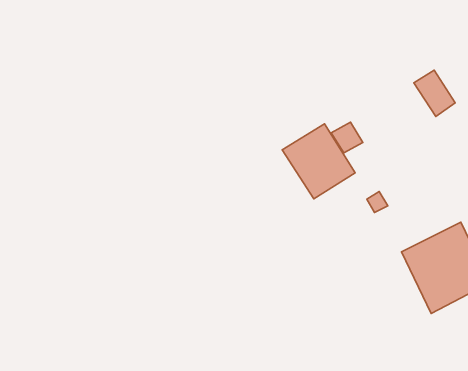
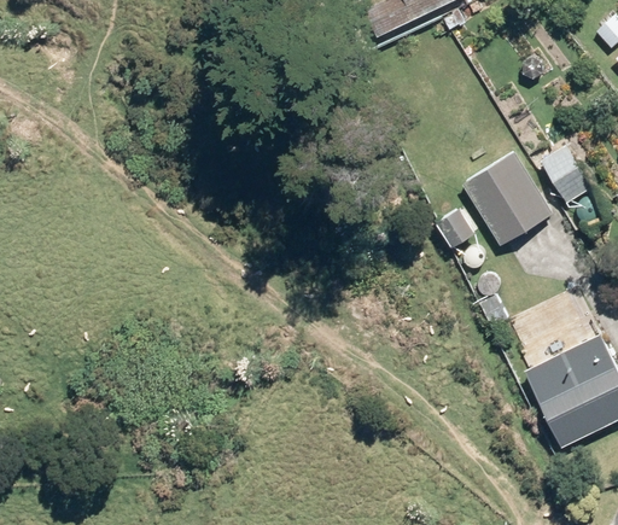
building: [282,124,355,199] -> [461,151,553,245]

